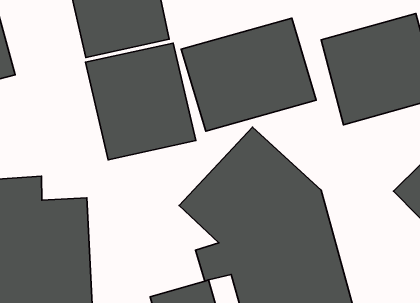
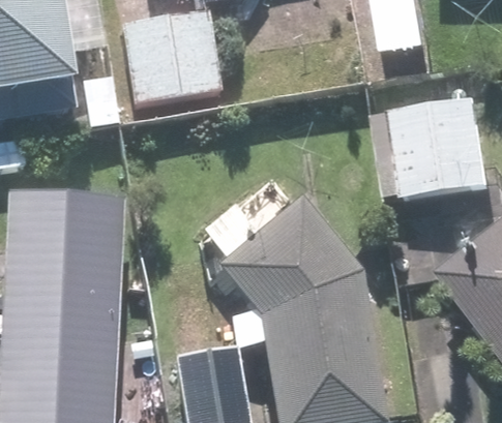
building: [181,18,316,131] -> none
building: [86,43,196,160] -> none

